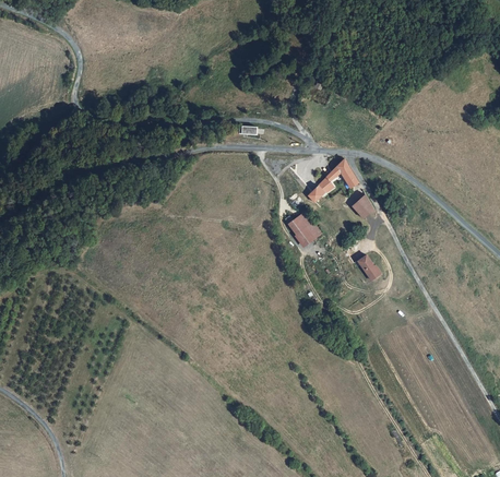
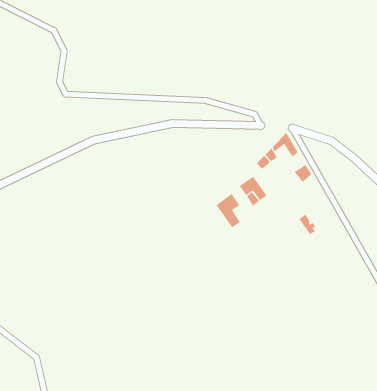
building: none -> [216,193,241,228]

